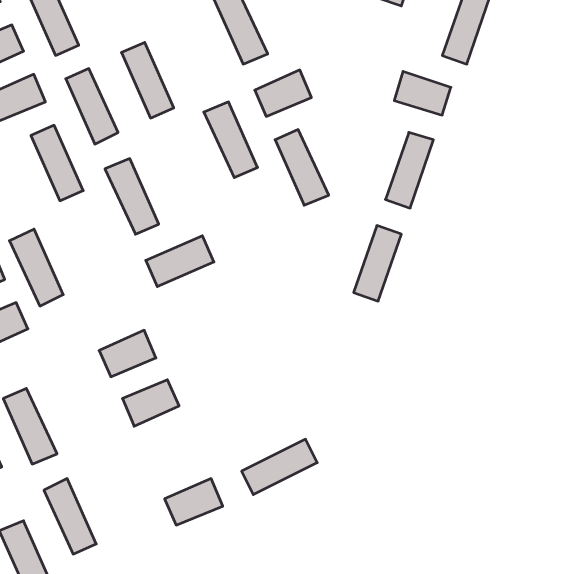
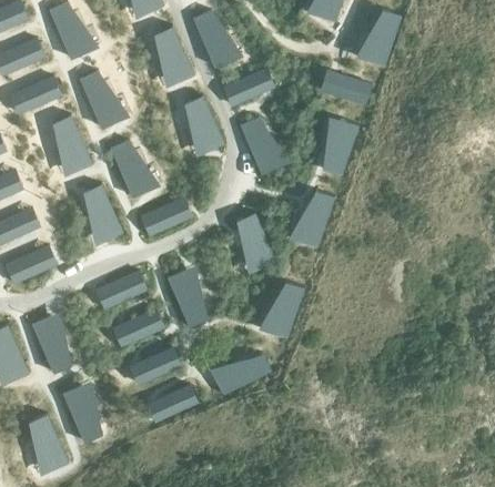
building: [121,42,174,118] -> [153,26,193,83]
building: [9,229,63,306] -> [81,182,122,241]
building: none -> [235,212,275,270]
building: none -> [166,267,206,325]
building: none -> [266,281,303,339]
building: none -> [137,345,181,381]

